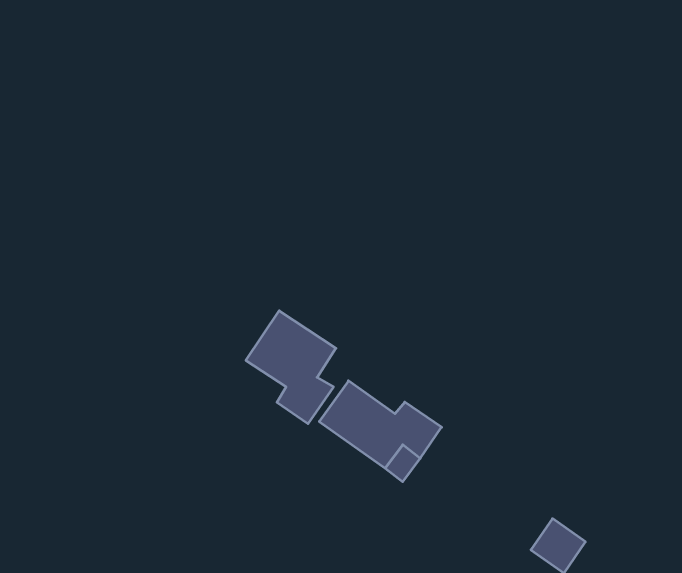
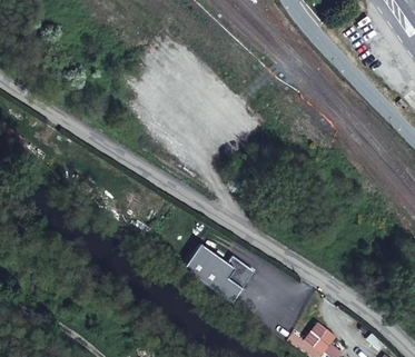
building: [246,311,336,424] -> none

